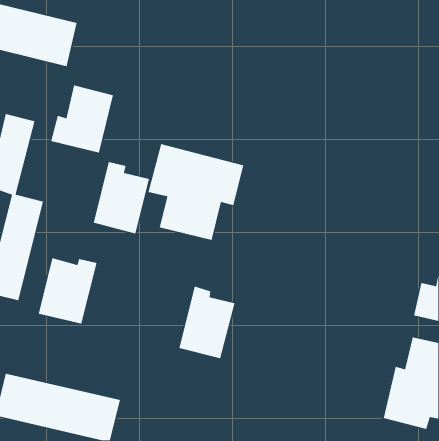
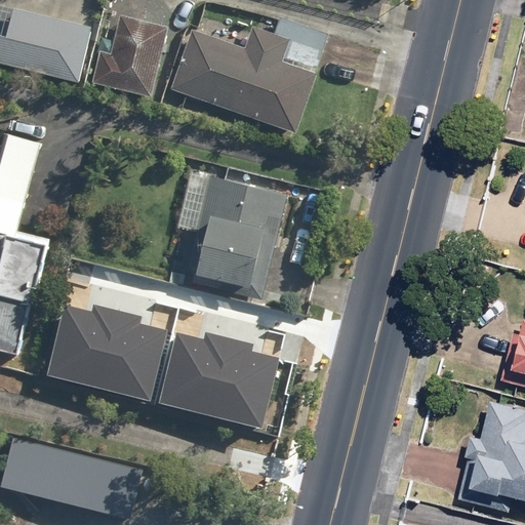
building: none -> [171,17,327,130]
building: [50,85,114,154] -> [92,15,168,97]
building: [93,161,150,234] -> [97,312,165,399]
building: none -> [159,334,231,414]

